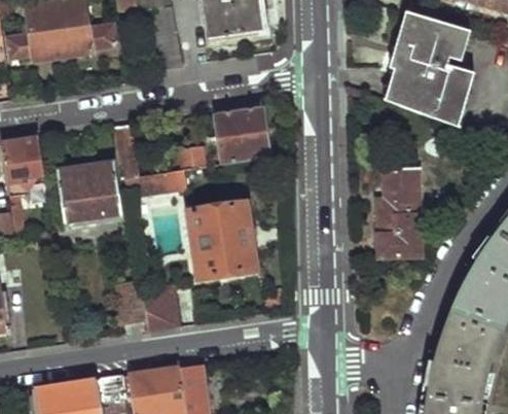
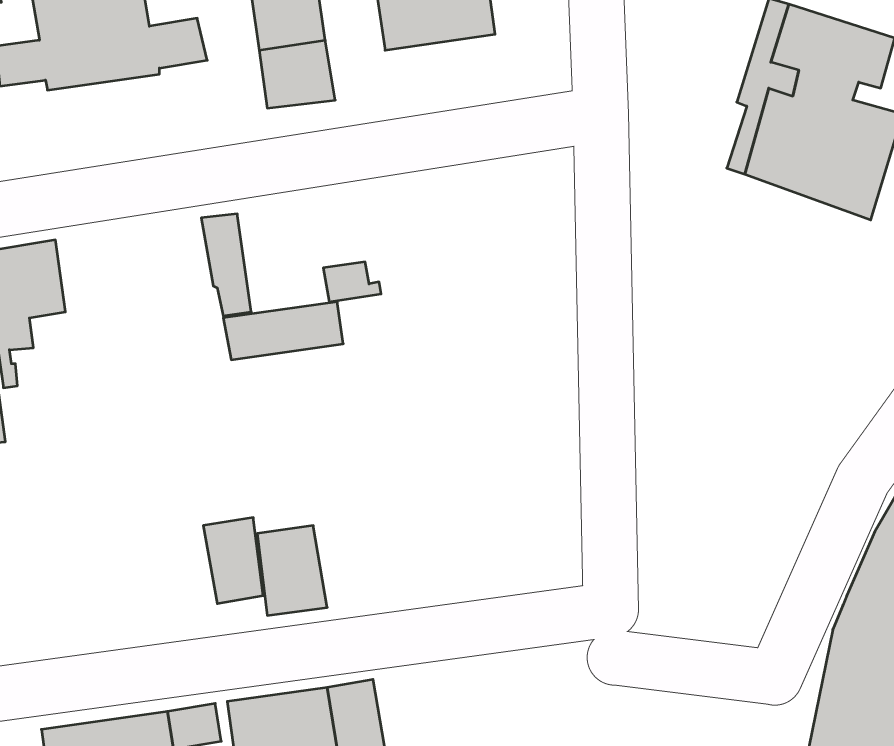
building: [215,104,270,163] -> none
building: [58,162,122,221] -> none
building: [377,166,422,256] -> none
building: [192,201,254,278] -> none

